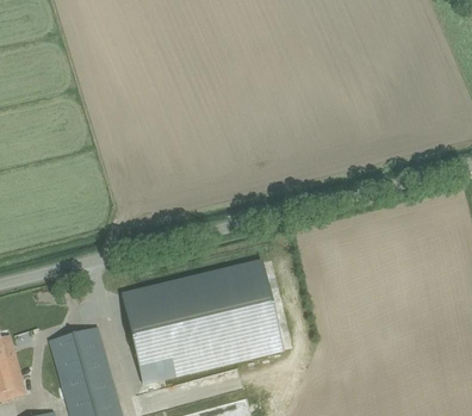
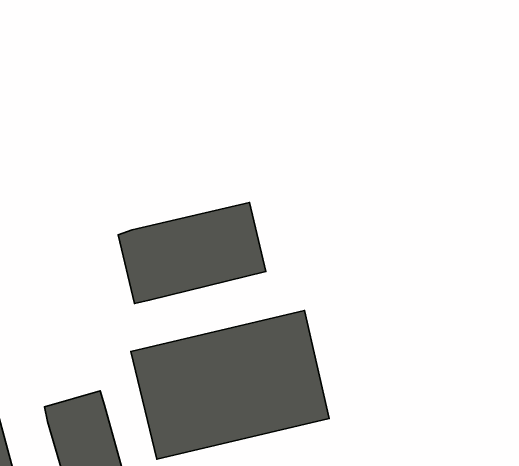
building: none -> [118,202,266,304]

